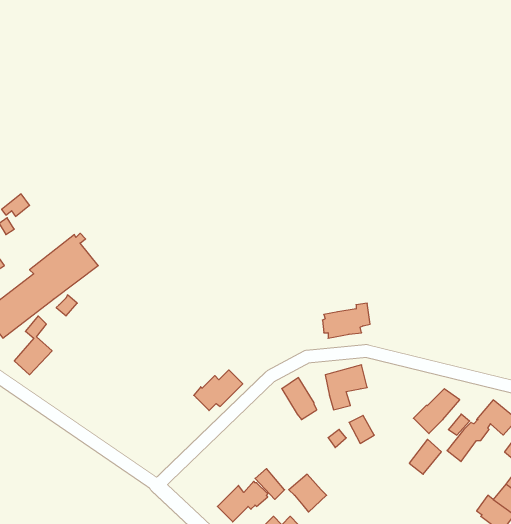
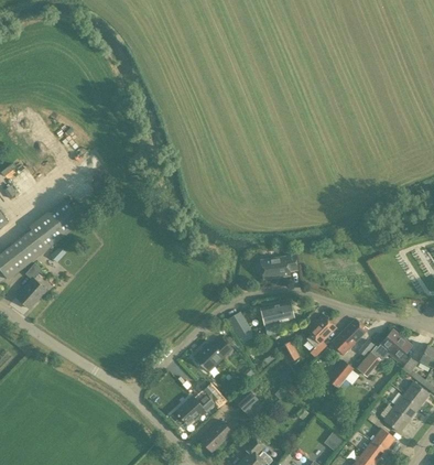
building: [194,370,243,411] -> [194,337,232,369]
building: none -> [306,314,336,357]

